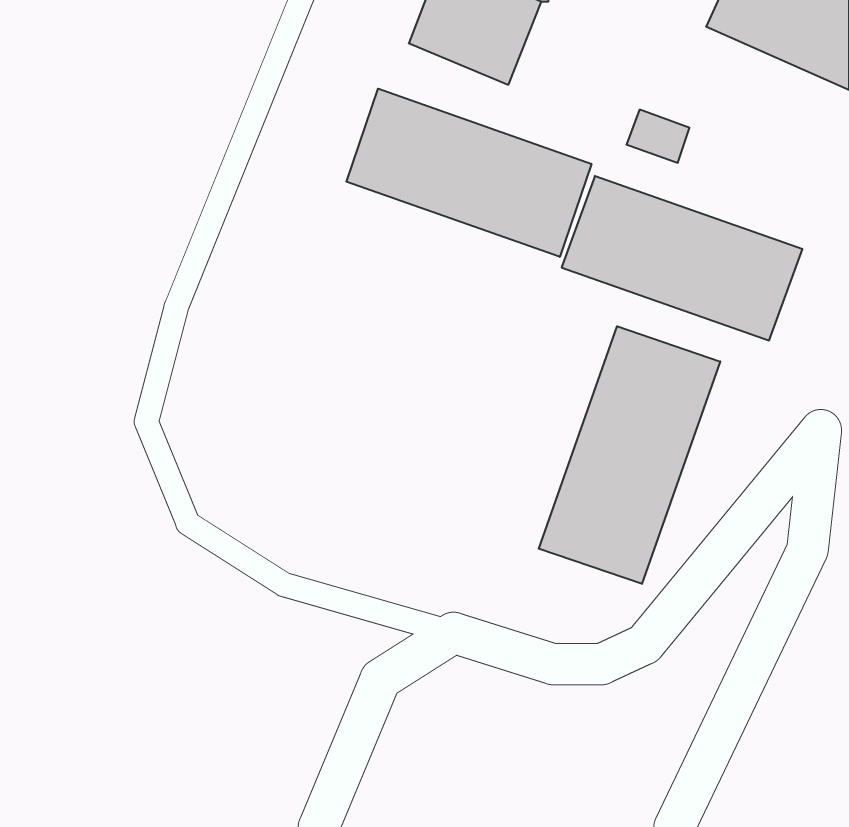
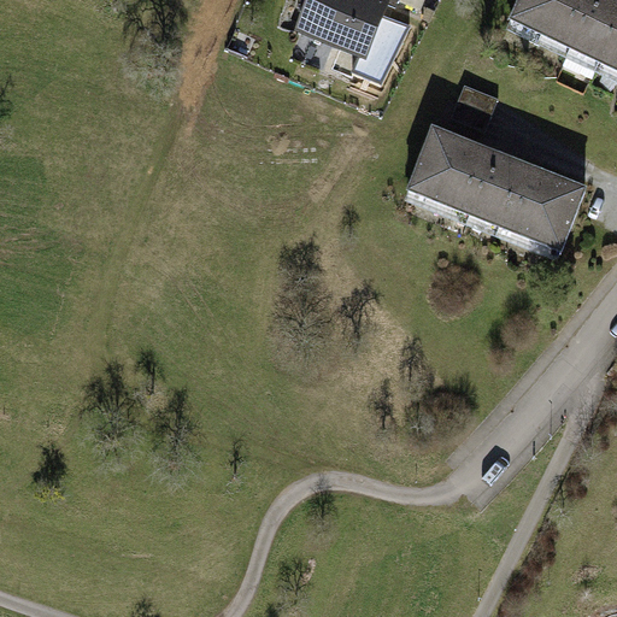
building: [346,89,591,257] -> none
building: [539,326,720,584] -> none

